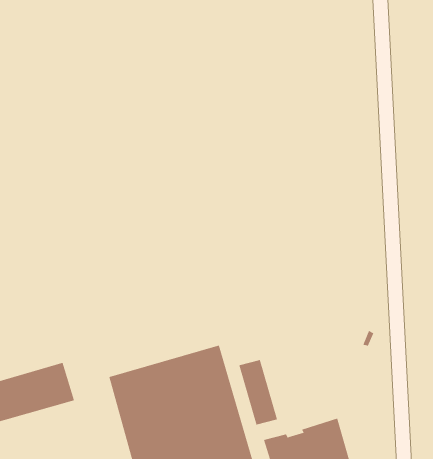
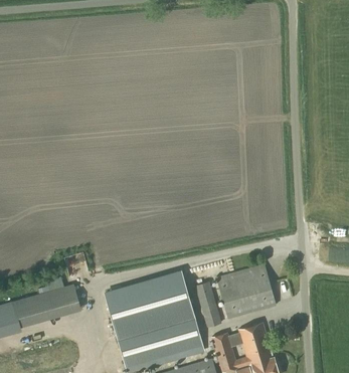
building: none -> [216,263,275,315]

